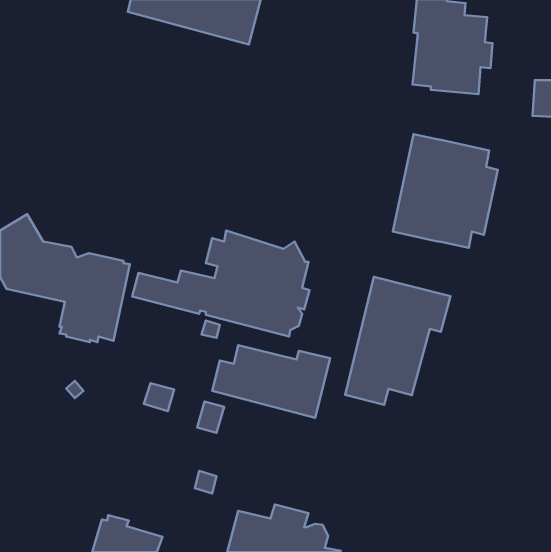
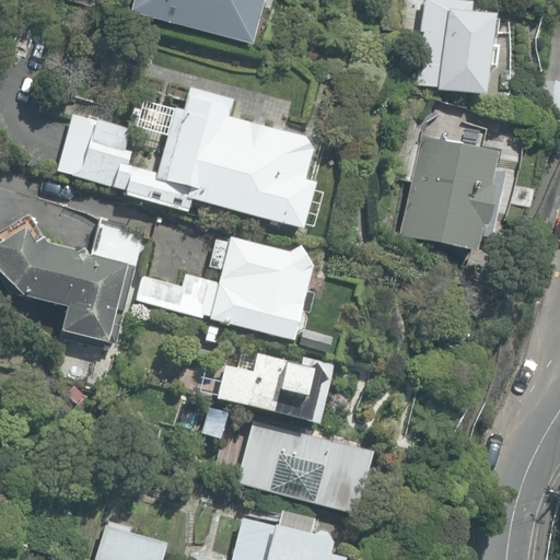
building: none -> [72,95,316,230]
building: [345,277,450,405] -> none
building: none -> [236,419,371,513]

